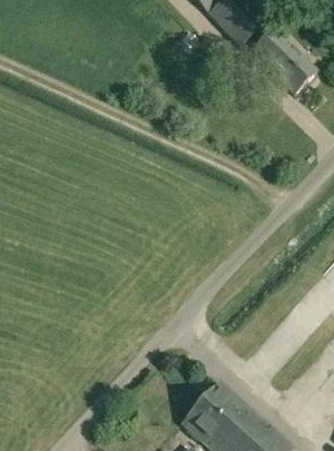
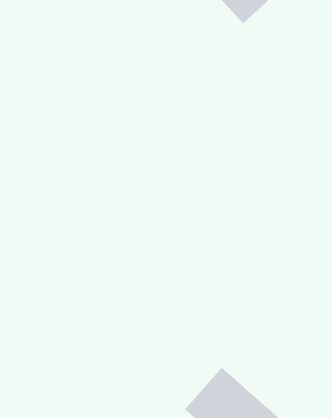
building: [254,28,316,94] -> none

